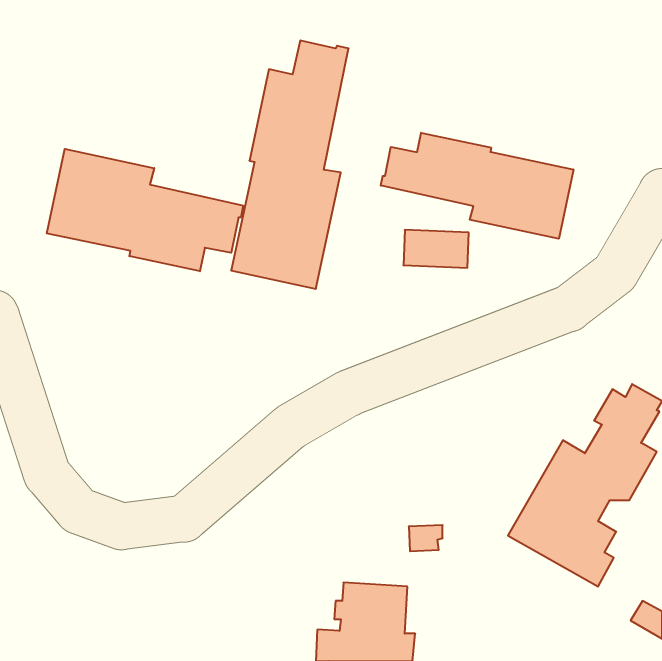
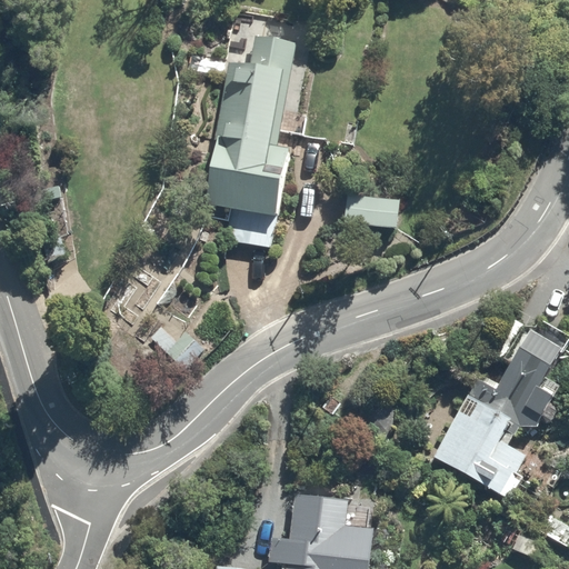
building: [381,133,573,239] -> none
building: [47,149,243,271] -> none

